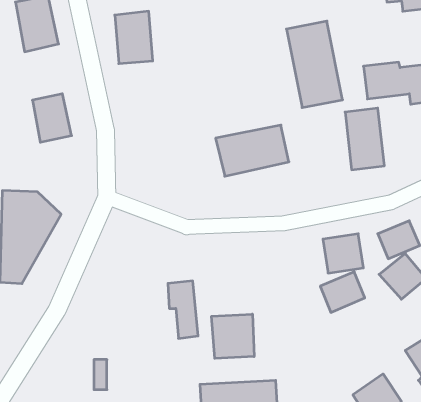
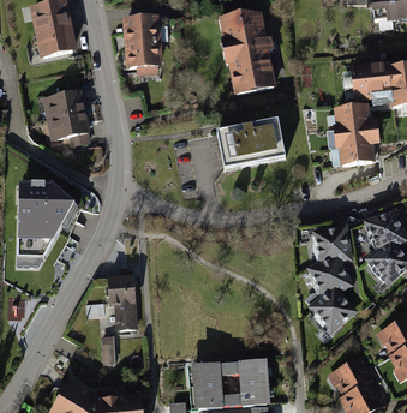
building: [286,21,343,108] -> [220,14,271,94]
building: [168,281,198,338] -> [108,277,136,330]
building: none -> [313,289,357,331]
building: [212,314,254,358] -> none

